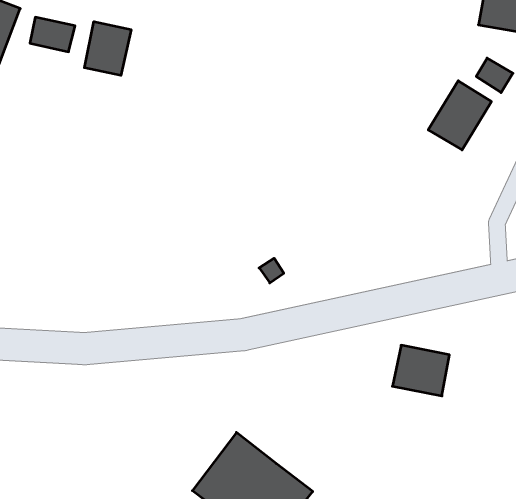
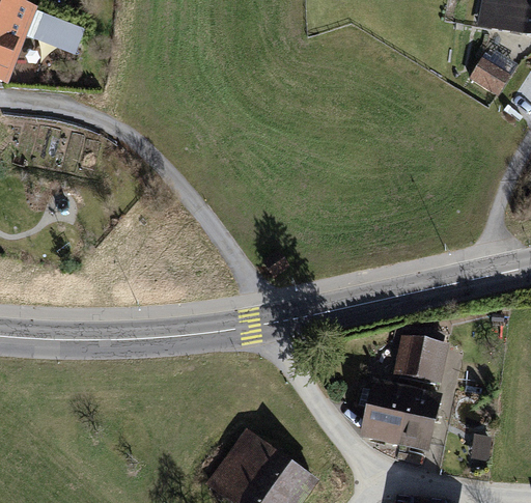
building: [84,22,131,75] -> none
building: [428,81,491,150] -> none
building: none -> [360,388,440,453]

